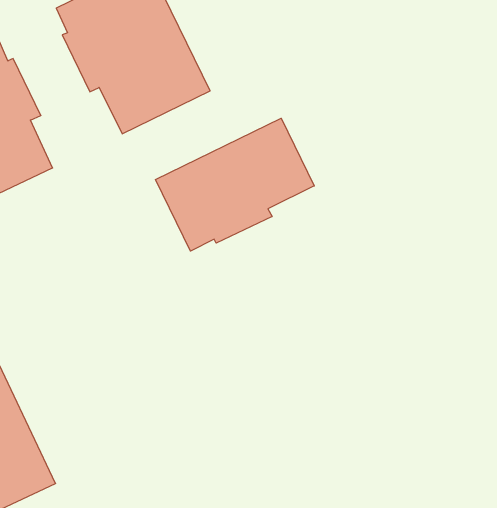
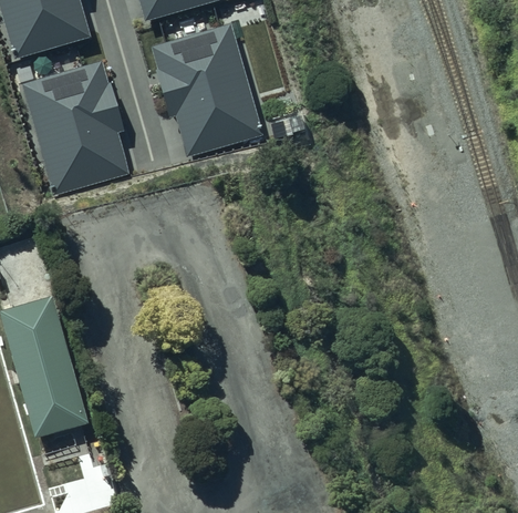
building: [155,118,314,251] -> none

